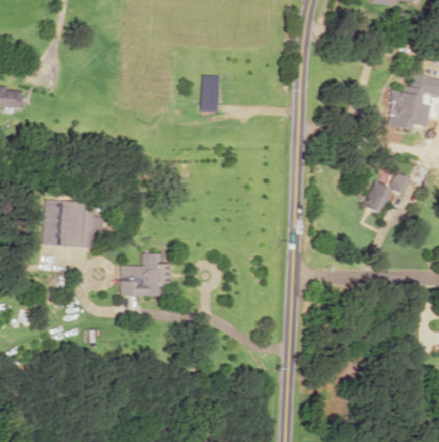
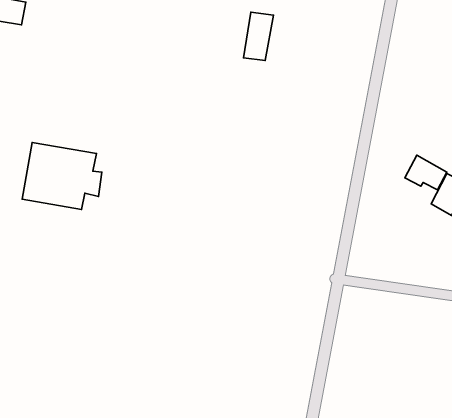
building: none -> [405,155,447,190]
building: [120,253,169,296] -> none

